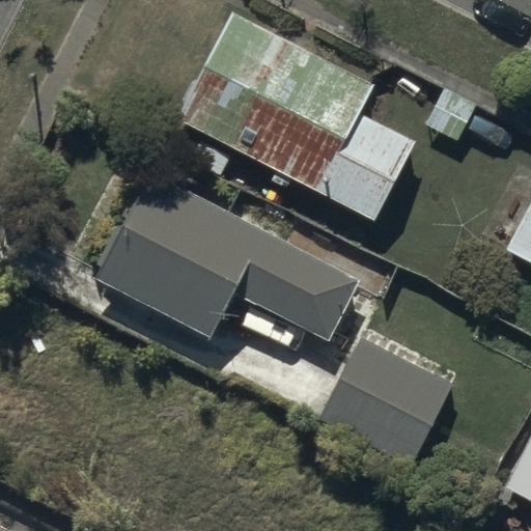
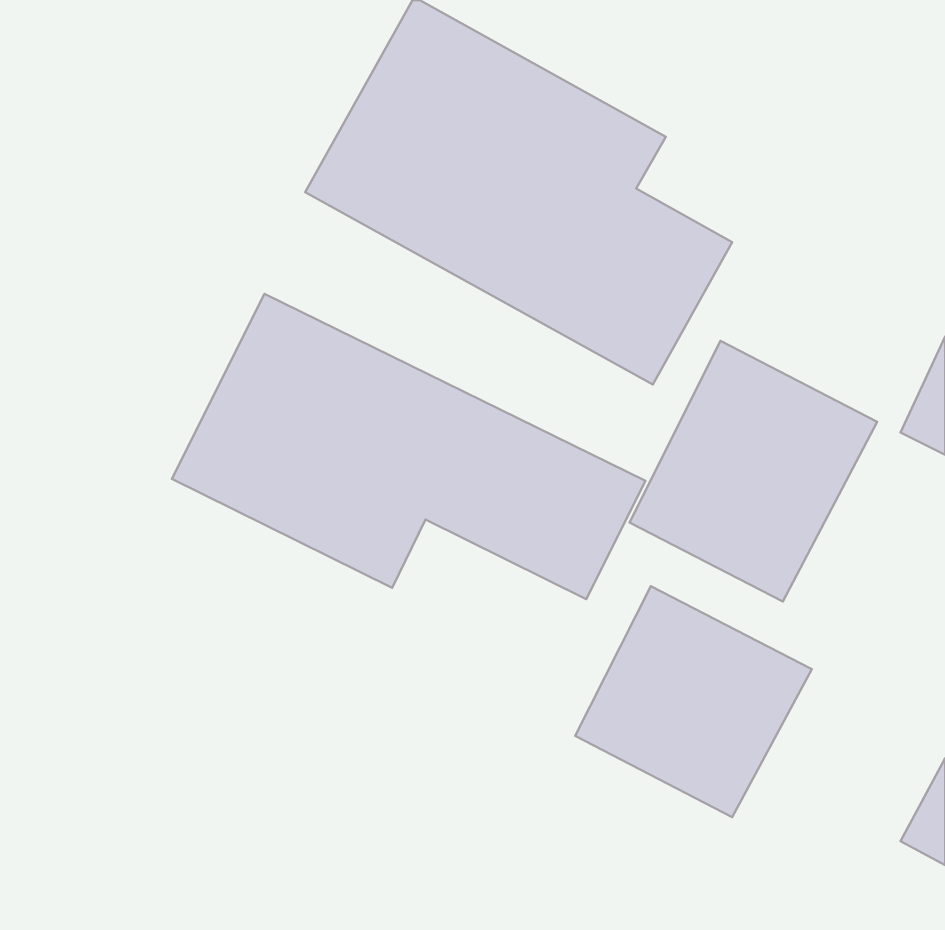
building: none -> [630,341,877,602]

